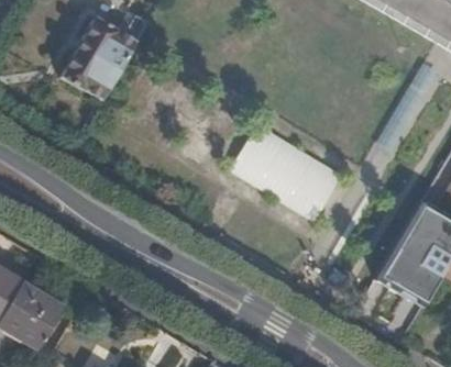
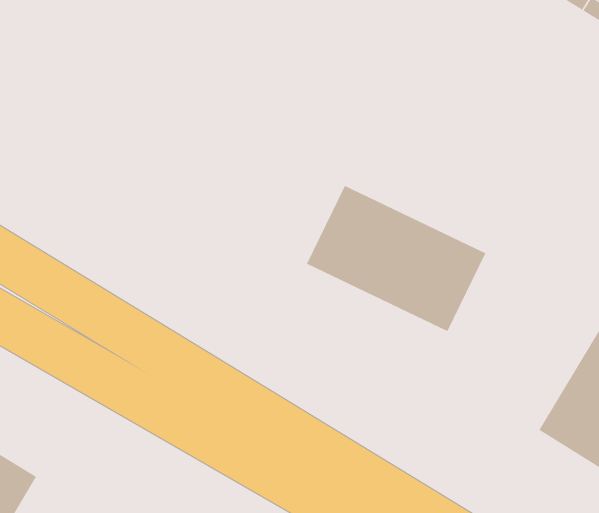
building: [59,14,147,98] -> none

